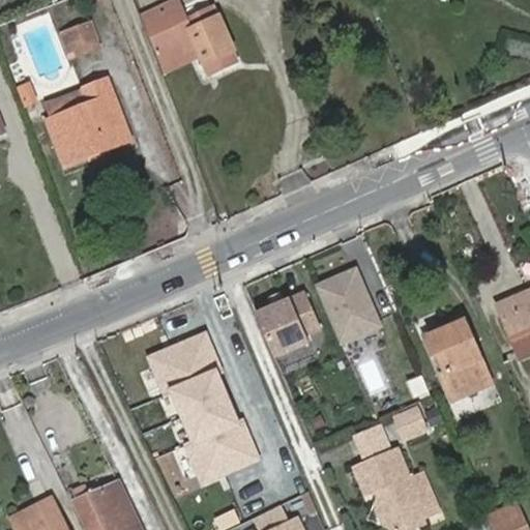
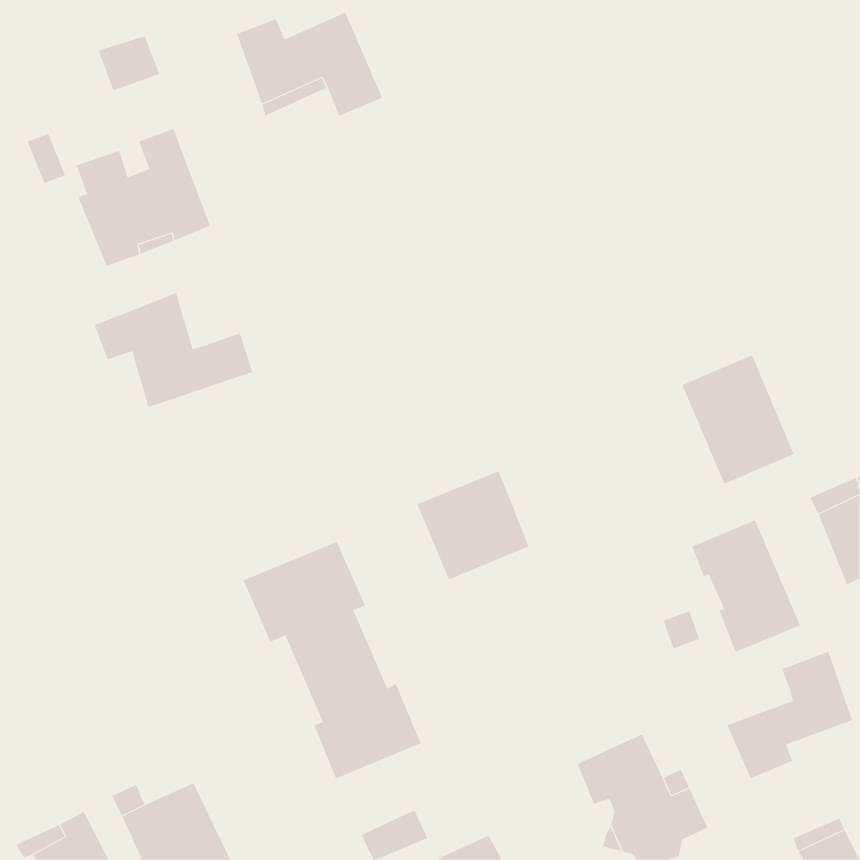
building: none -> [94,292,253,408]
building: [315,265,384,345] -> [682,355,795,484]
building: none -> [726,651,853,779]
building: [391,405,430,443] -> none
building: [352,423,392,460] -> none

